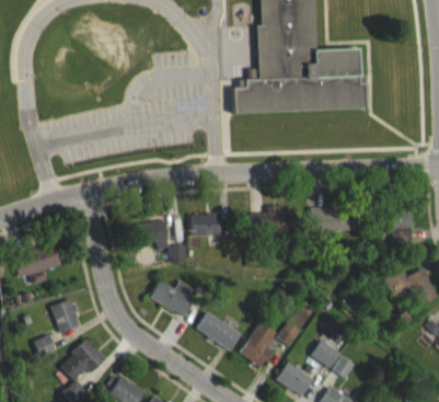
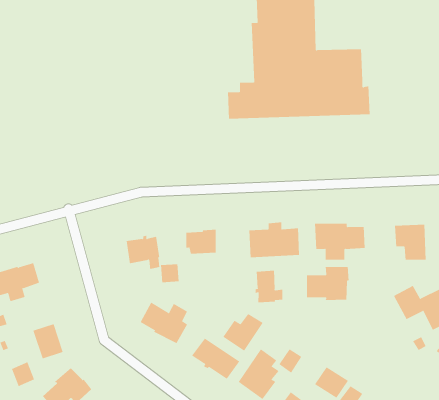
building: none -> [306,266,349,301]
building: none -> [255,270,283,303]
building: none -> [222,313,264,352]

